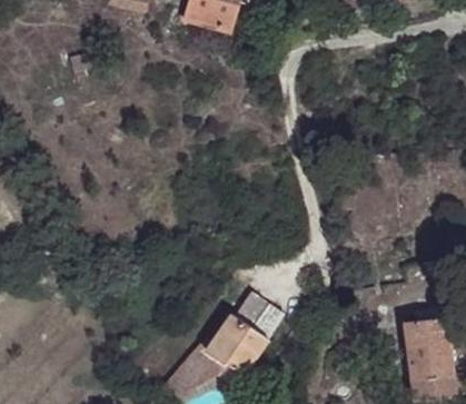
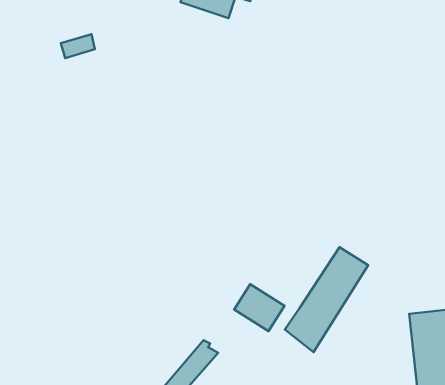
building: none -> [285,247,368,352]
building: [208,315,267,376] -> none

